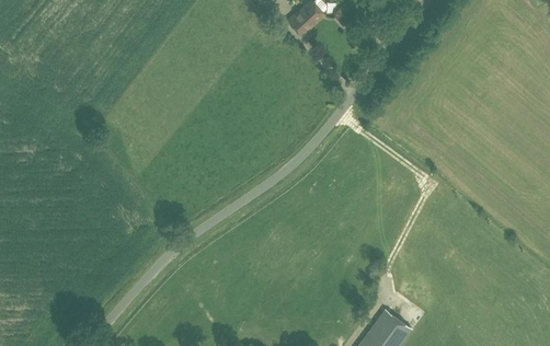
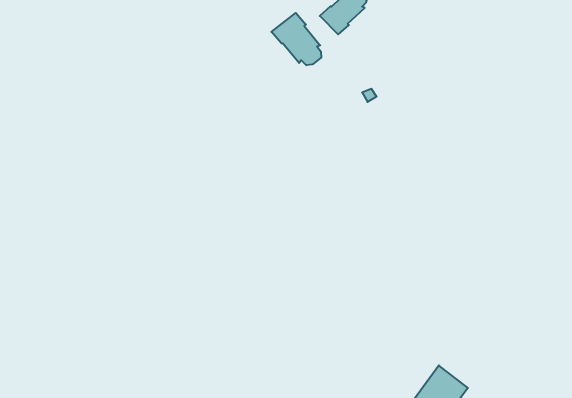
building: none -> [271,13,321,65]

